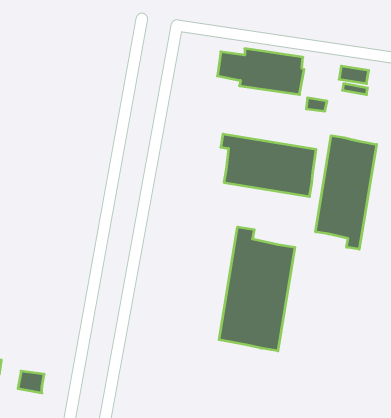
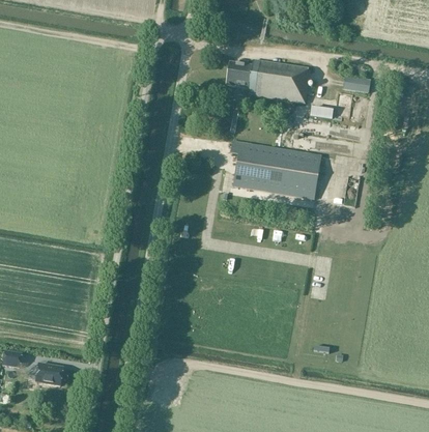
building: [316,136,377,249] -> none
building: [219,227,295,351] -> none

